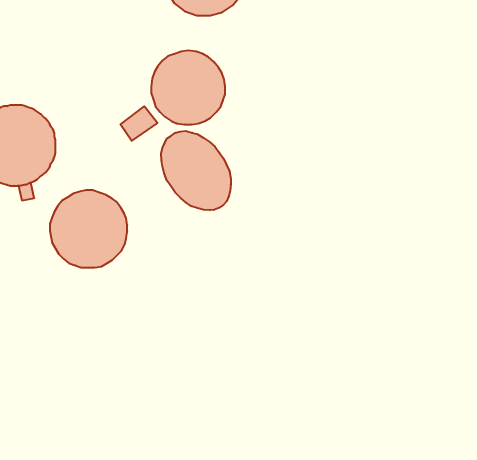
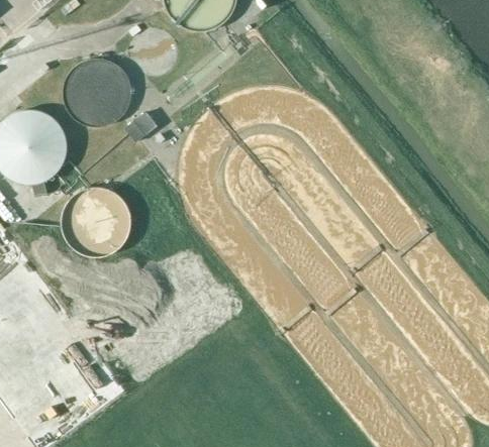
building: [151,51,225,124] -> [64,57,130,123]
building: [161,131,231,210] -> none

